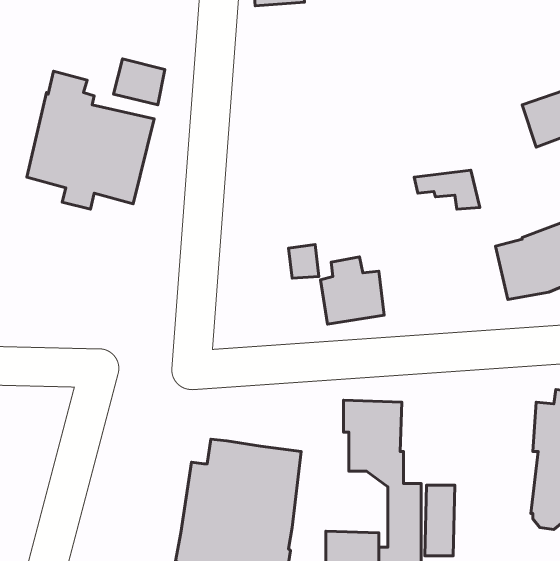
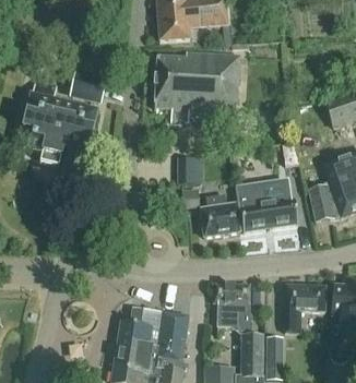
building: none -> [154,51,239,122]
building: none -> [179,155,203,181]
building: none -> [239,181,298,231]
building: none -> [285,284,325,332]

